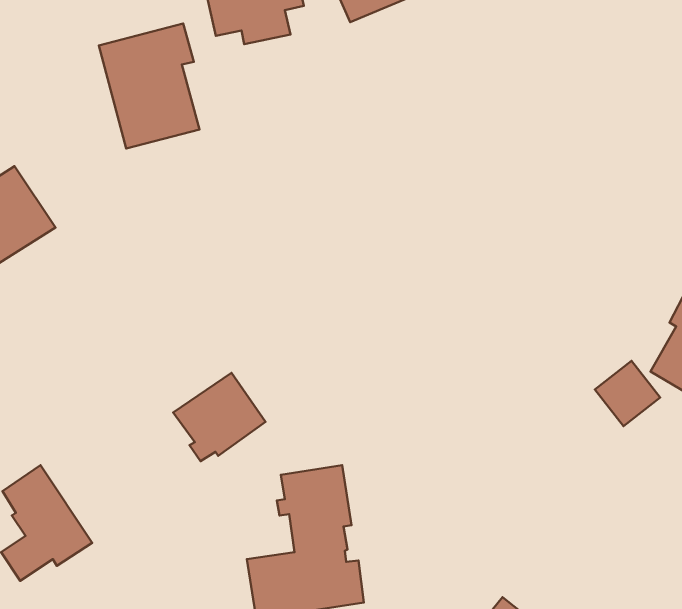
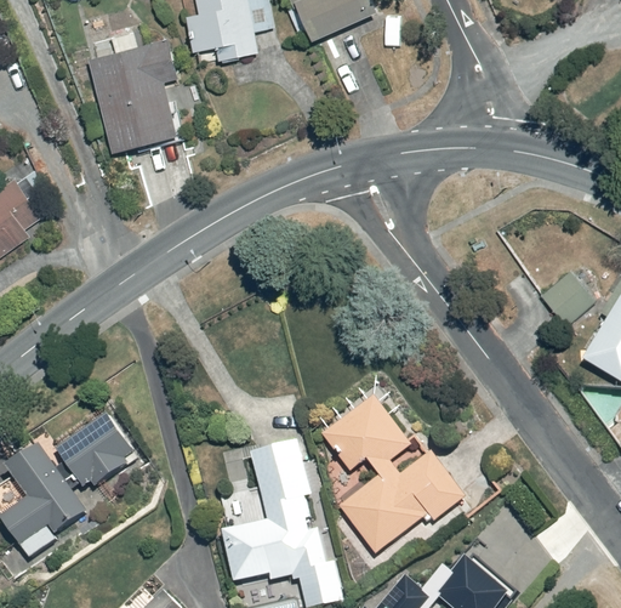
building: [595,361,660,426] -> [539,267,597,325]
building: [173,373,266,461] -> [55,410,137,489]
building: none -> [319,388,462,552]

